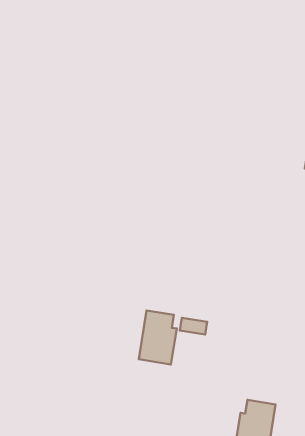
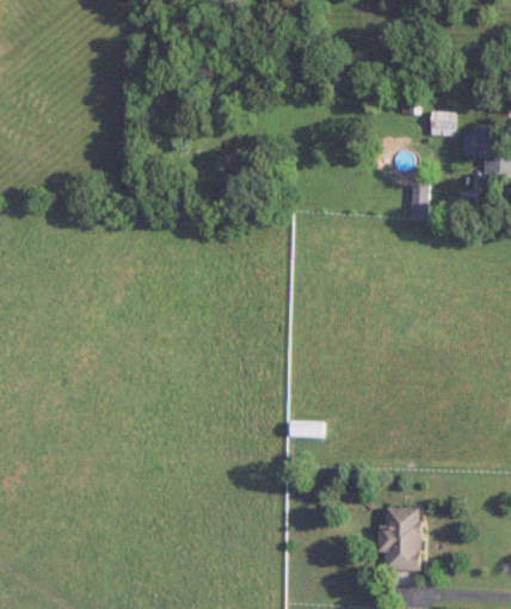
building: [139,310,177,364] -> none

